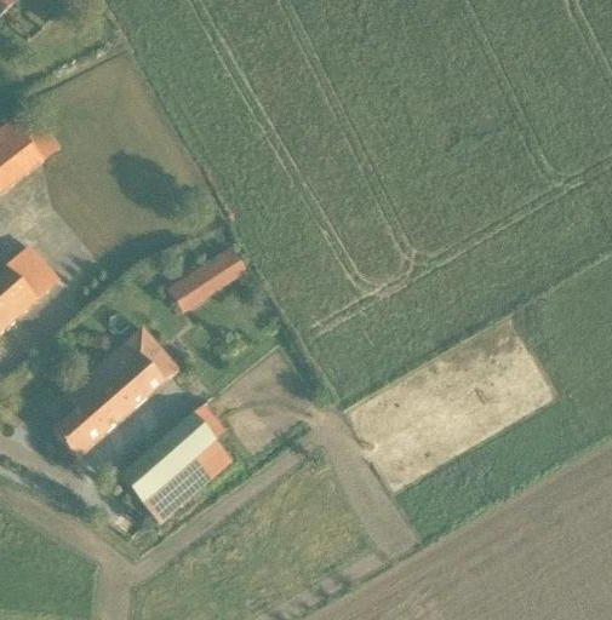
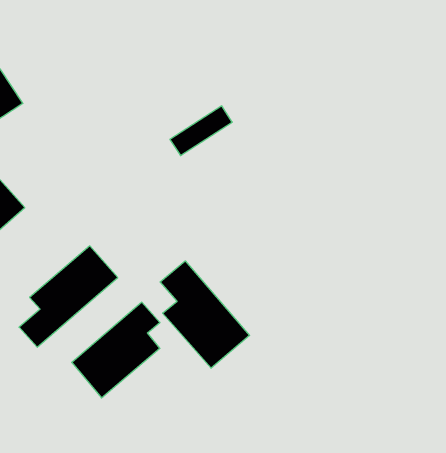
building: [167,248,246,311] -> [170,106,232,156]
building: none -> [160,261,250,368]

